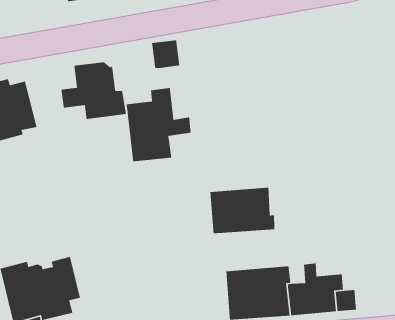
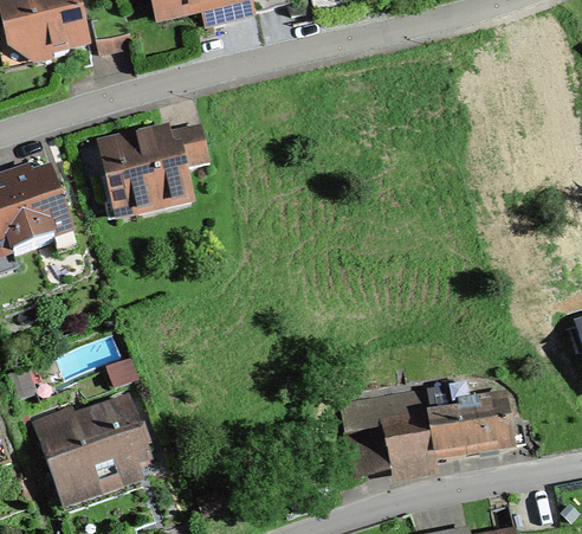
building: [151,39,180,69] -> [164,124,207,167]
building: [126,87,191,162] -> none
building: [209,187,275,234] -> none

